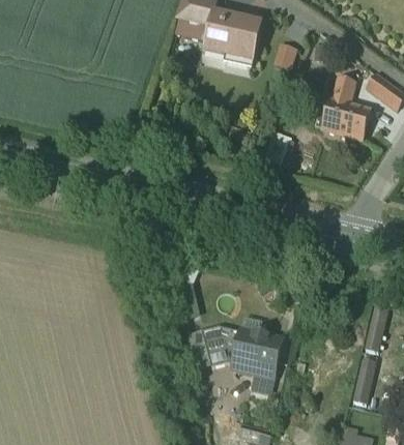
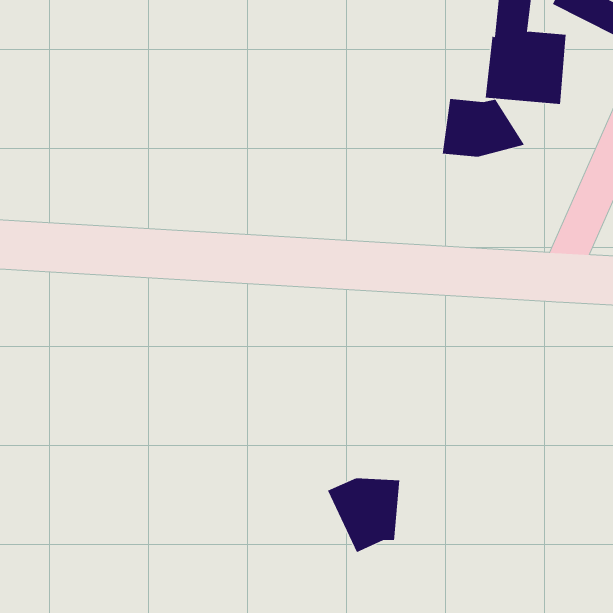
building: none -> [442,98,525,157]
building: [232,331,281,377] -> none

